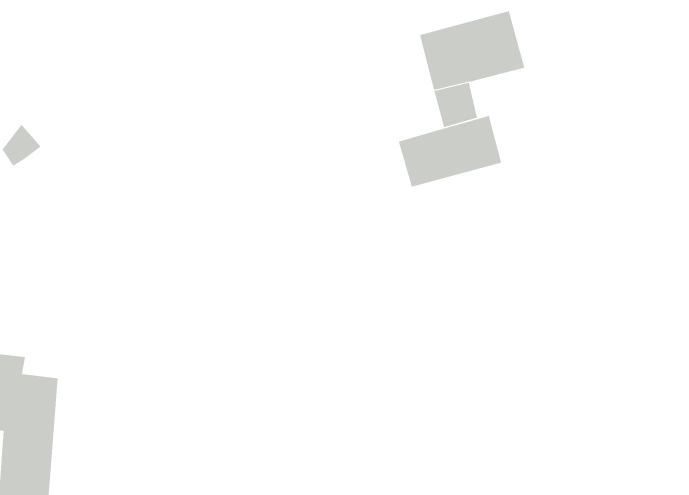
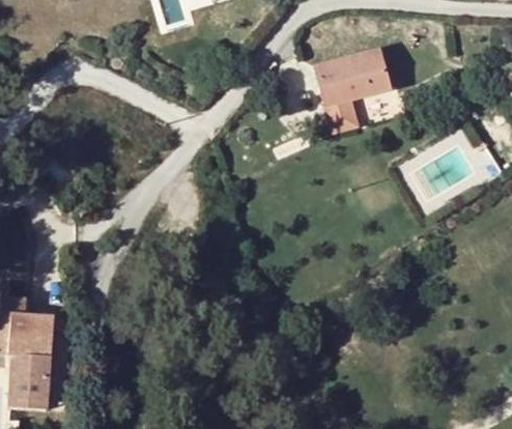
building: [398,115,502,188] -> none

